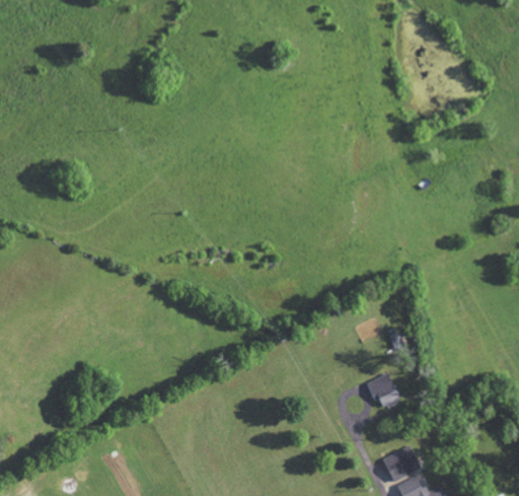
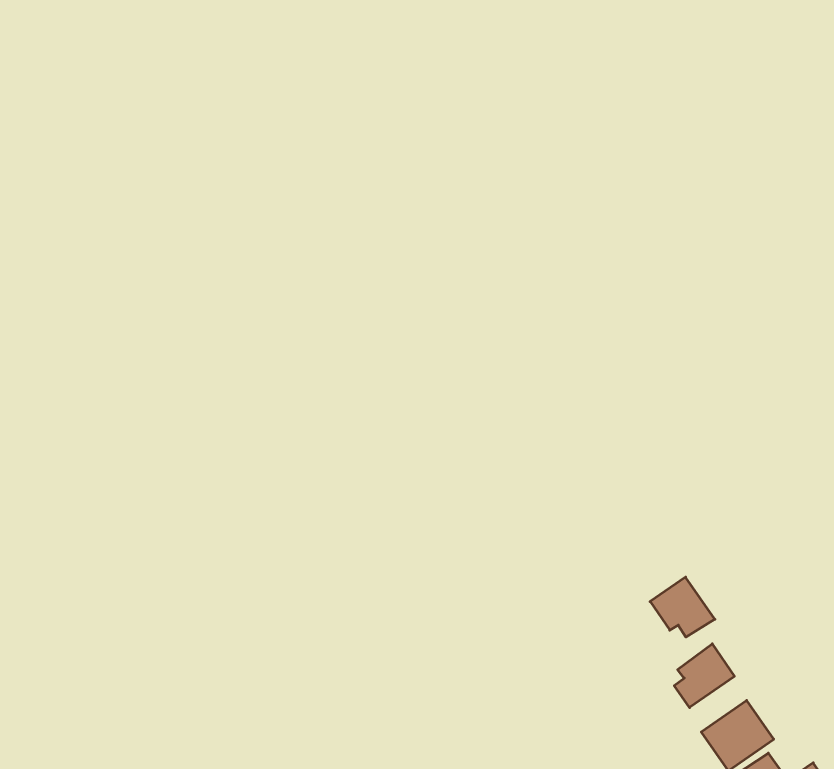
building: none -> [674,644,734,708]

